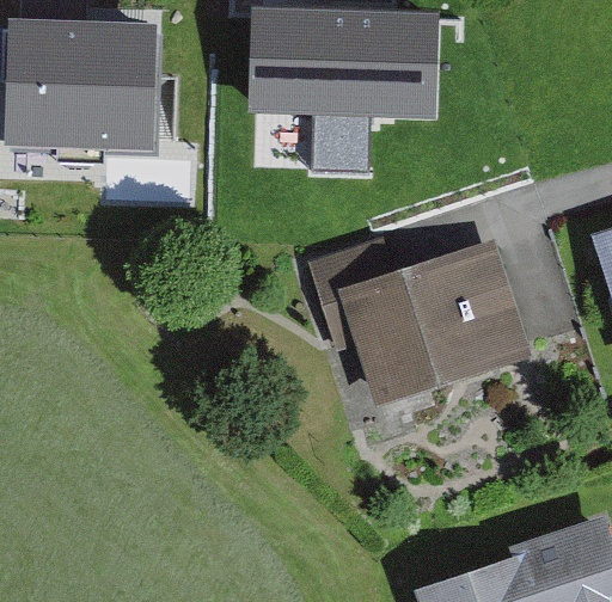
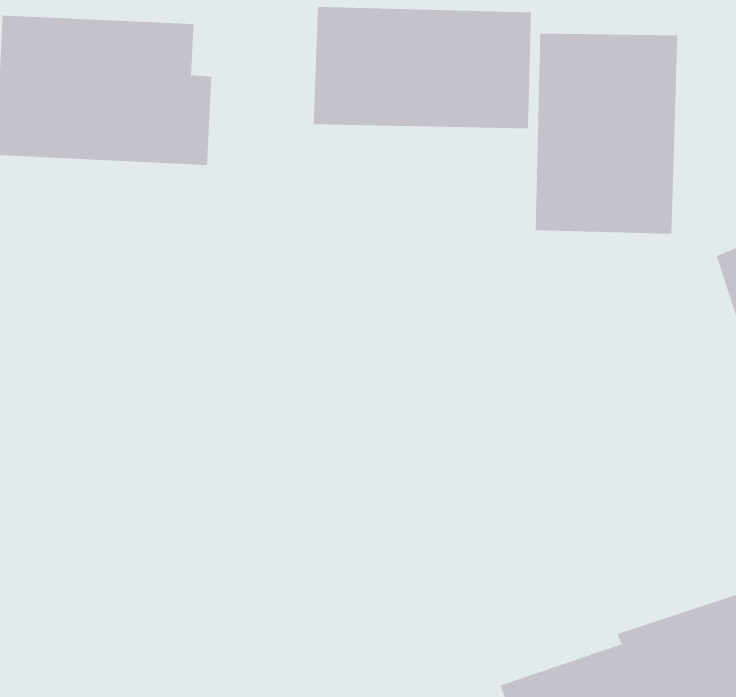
building: none -> [535,33,678,234]
building: [308,232,533,401] -> none

